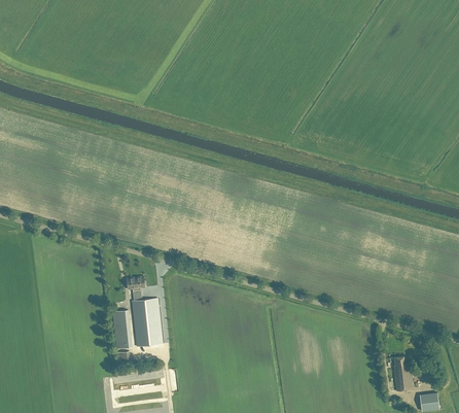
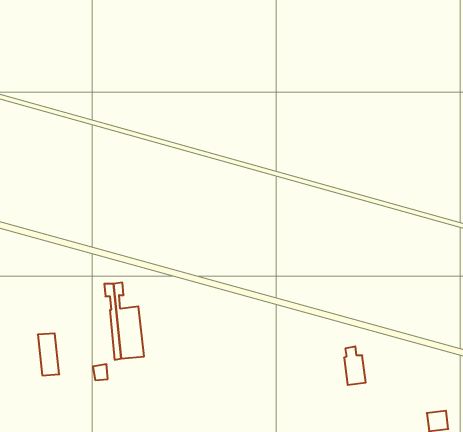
building: [112,311,132,349] -> [38,333,59,375]
building: [392,356,412,391] -> [344,346,366,385]

